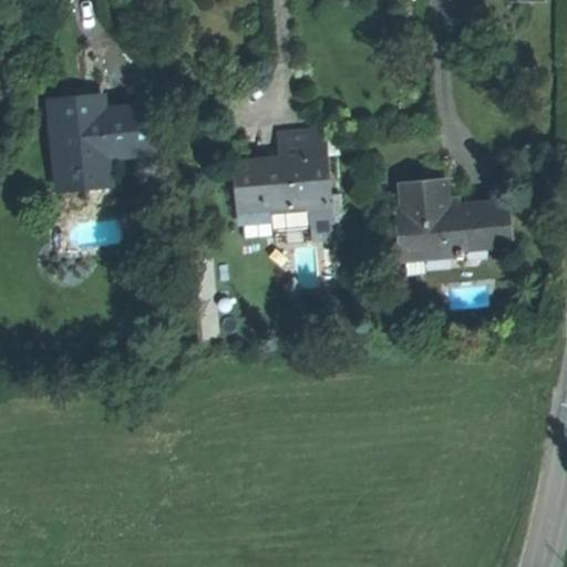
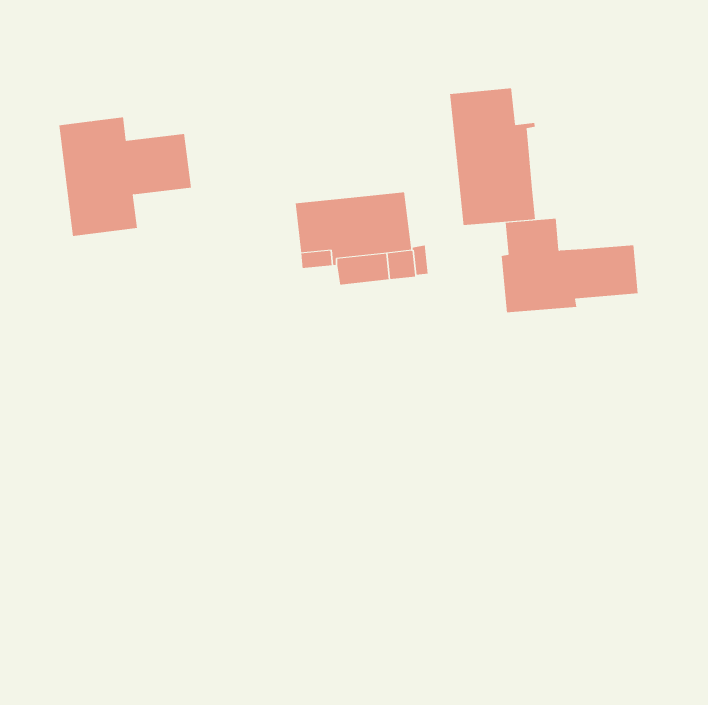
building: none -> [450,88,535,226]
building: [276,130,322,162] -> none

